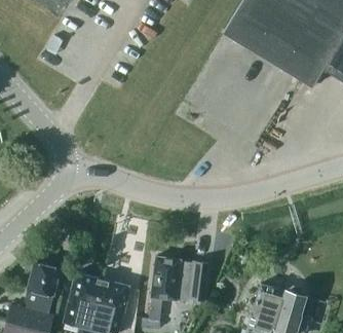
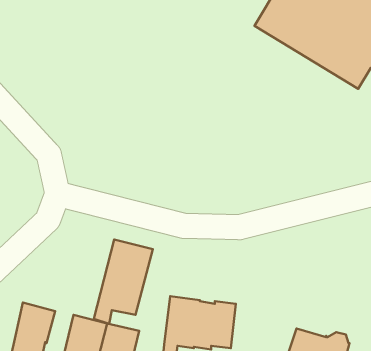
building: none -> [94,240,153,324]

